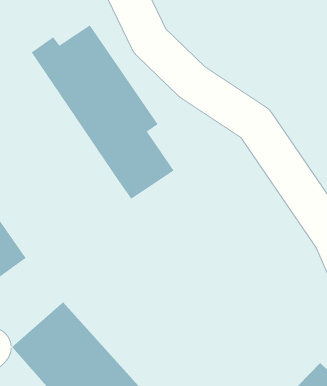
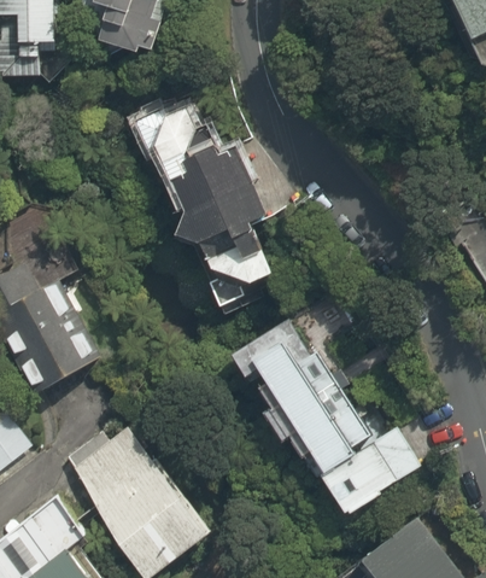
building: none -> [238,323,420,520]

